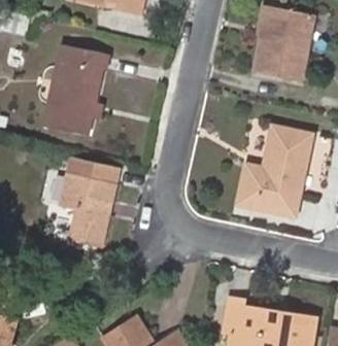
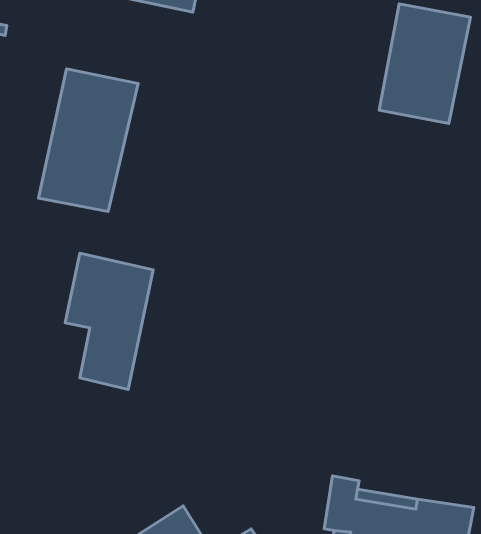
building: [237,128,311,215] -> none

